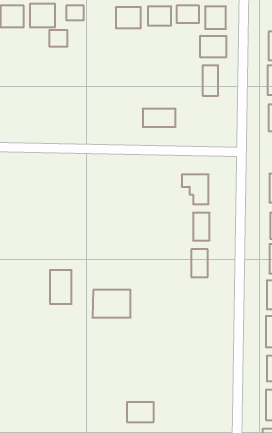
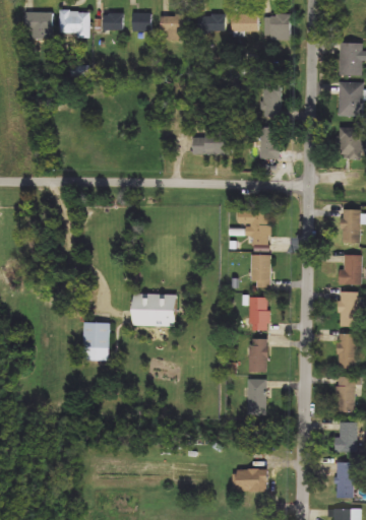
building: [49,30,67,47] -> [131,12,152,31]
building: [200,36,226,57] -> none
building: none -> [259,128,280,159]
building: none -> [248,338,266,372]
building: [92,290,131,318] -> [130,294,175,326]
building: none -> [248,379,266,414]
building: [127,402,154,422] -> [236,468,267,492]

